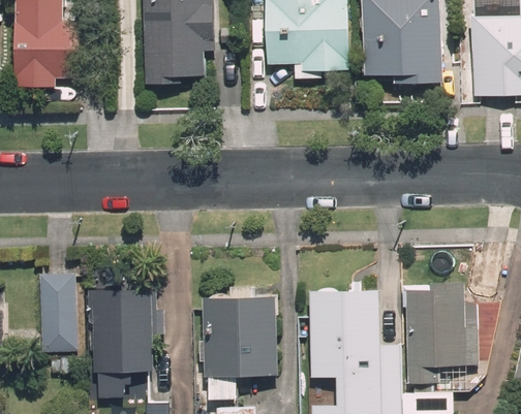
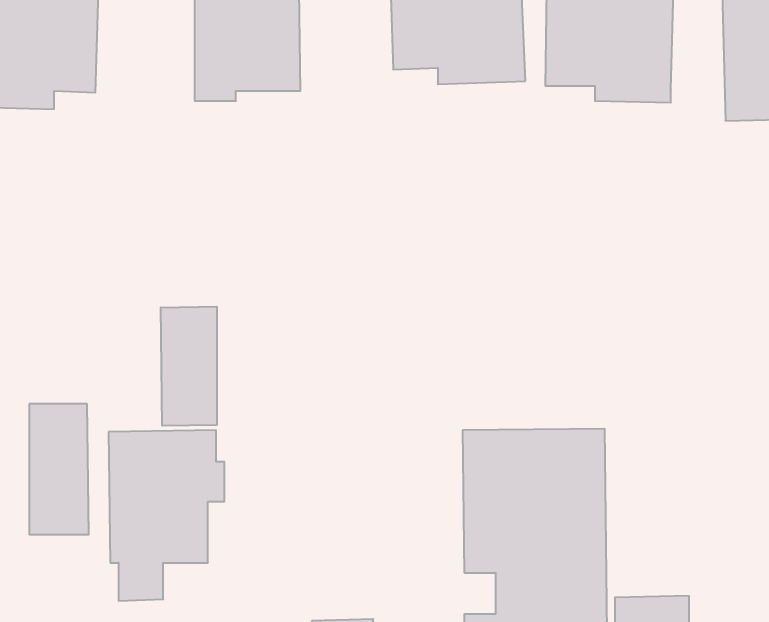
building: none -> [161,307,217,426]
building: [406,283,477,384] -> none
building: [202,296,277,396] -> none

